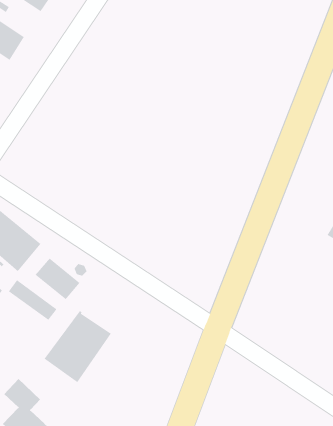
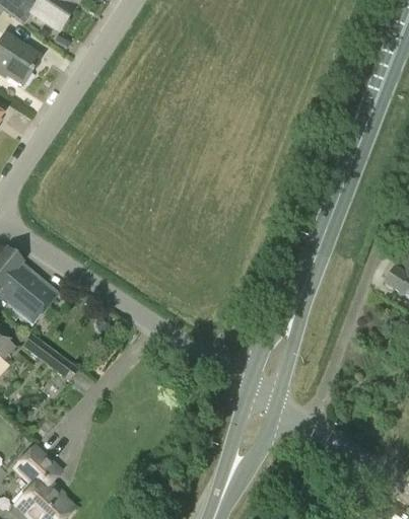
building: [35,257,81,300] -> none
building: [44,310,112,383] -> none

